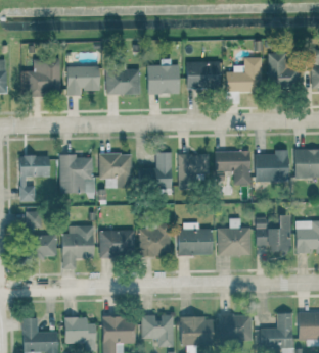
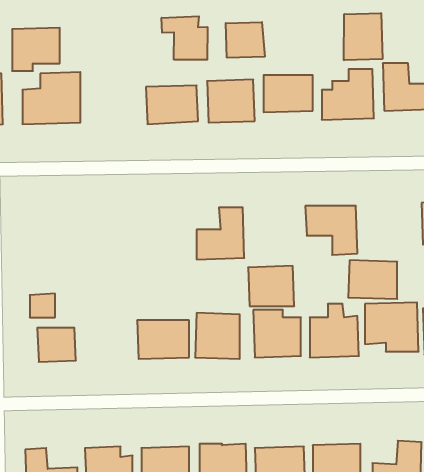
building: none -> [344,13,382,60]
building: none -> [162,16,207,60]
building: none -> [226,22,265,58]
building: [66,65,99,95] -> [12,28,60,71]
building: [255,151,288,178] -> [348,260,397,299]
building: [99,153,132,187] -> none
building: [178,153,210,181] -> [248,266,294,306]
building: [59,154,93,193] -> none
building: [18,155,49,202] -> none
building: [61,225,94,268] -> none

